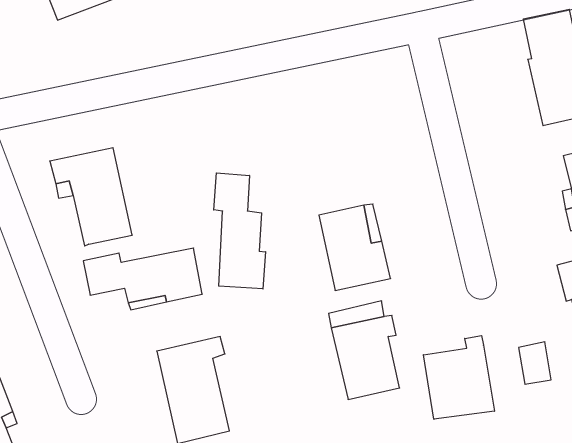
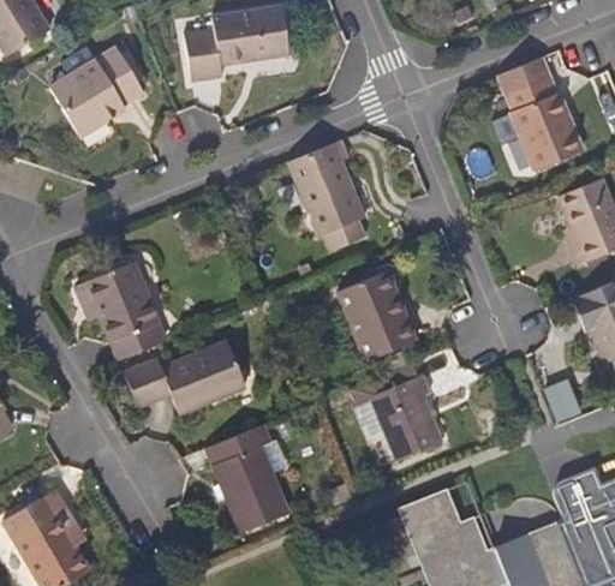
building: none -> [287,139,364,249]
building: [214,173,266,289] -> none
building: [423,336,494,419] -> none

